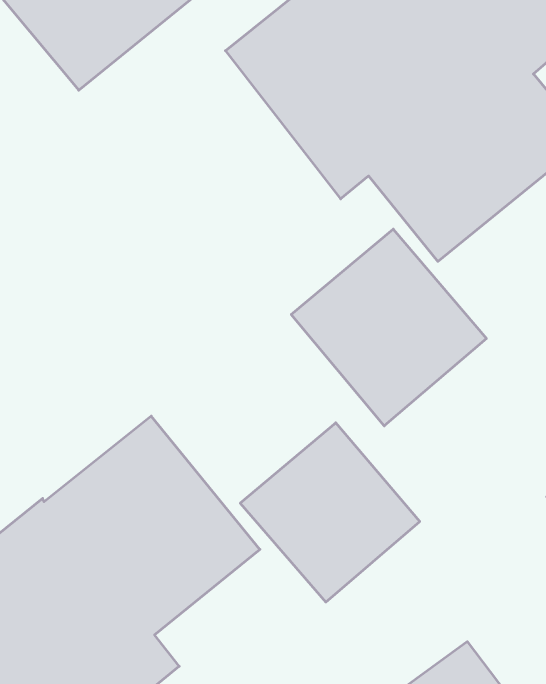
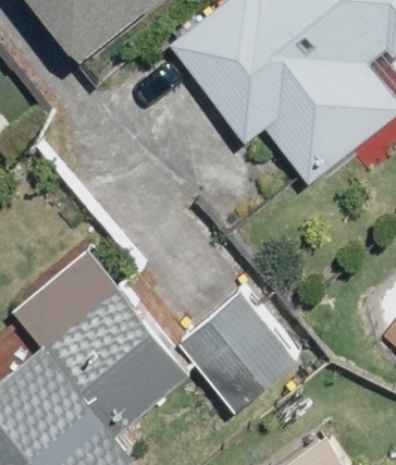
building: [291,229,486,426] -> none

